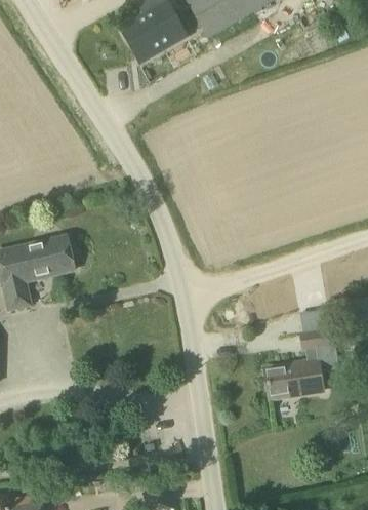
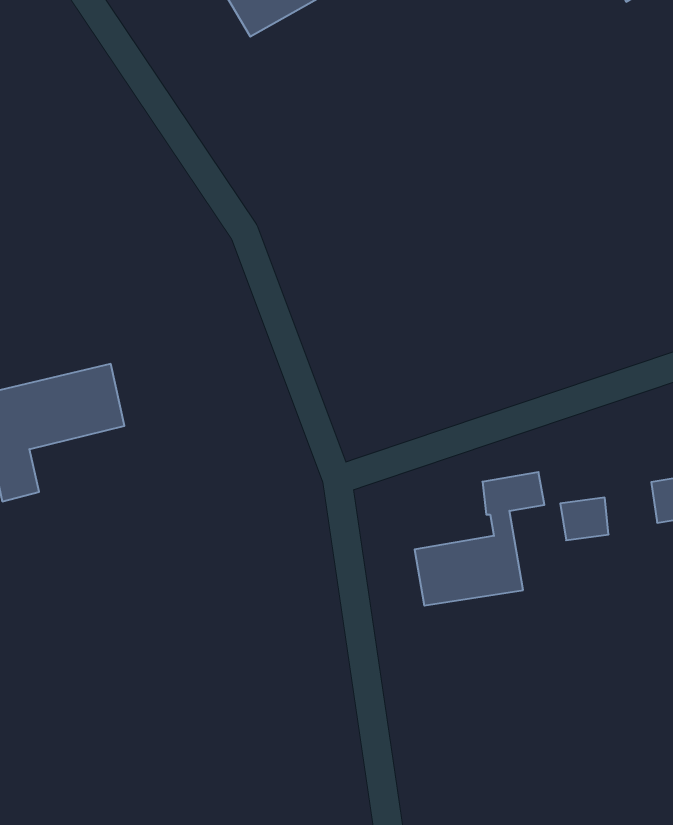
building: [267,327,335,398] -> [415,472,544,606]

